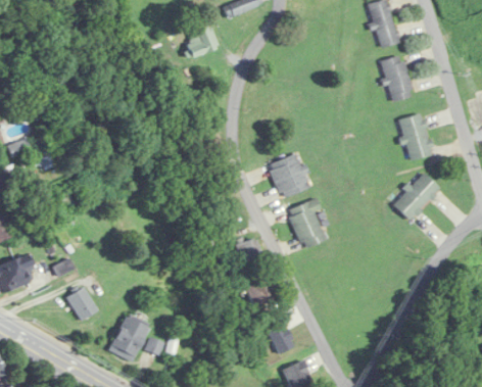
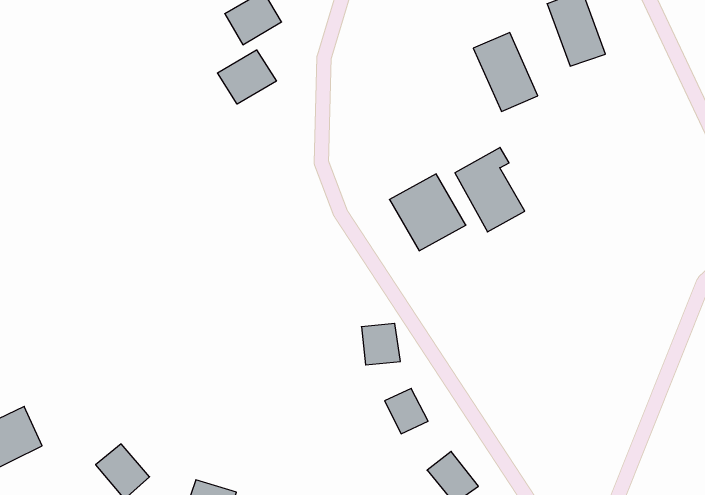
building: none -> [217,50,276,104]
building: [398,112,433,159] -> [473,33,538,111]
building: [392,172,440,221] -> none
building: [287,198,326,248] -> [455,147,525,232]

